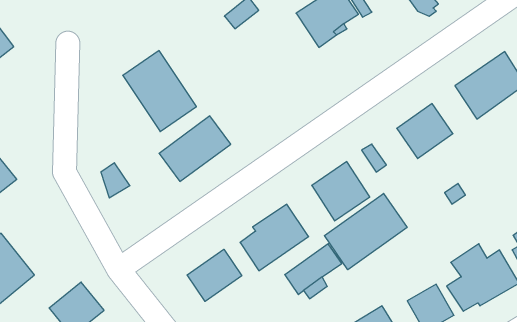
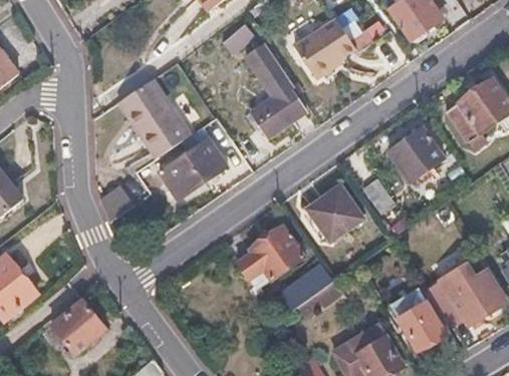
building: none -> [244,43,306,136]
building: [324,193,407,270] -> none
building: [187,249,242,301] -> none

